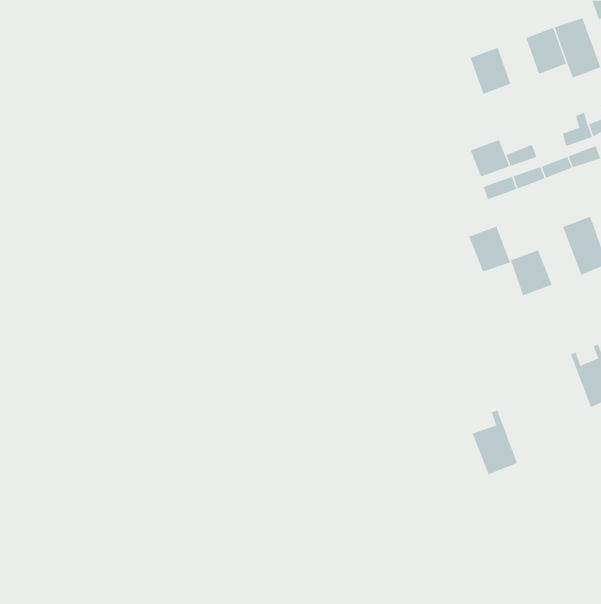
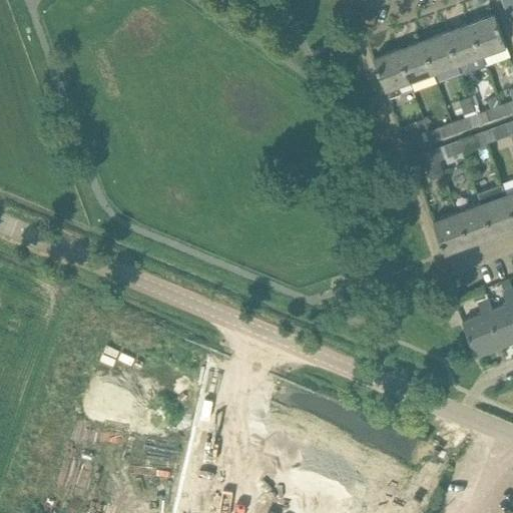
building: none -> [425,32,459,71]
building: none -> [376,49,412,98]
building: none -> [454,96,482,133]
building: [468,226,511,272] -> [459,202,495,241]
building: [472,410,518,476] -> [464,301,503,357]

